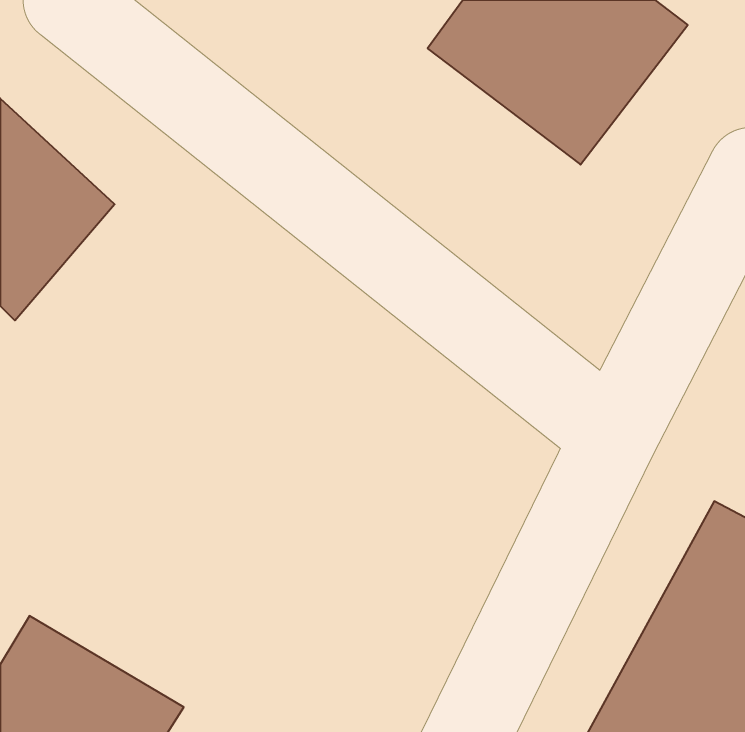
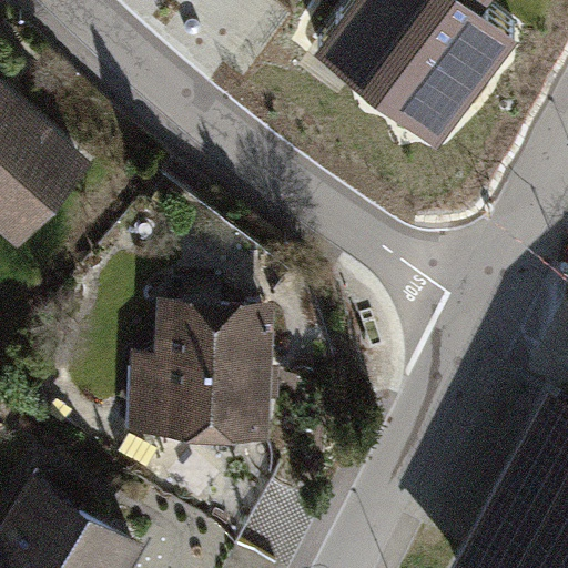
building: none -> [126,301,272,444]

